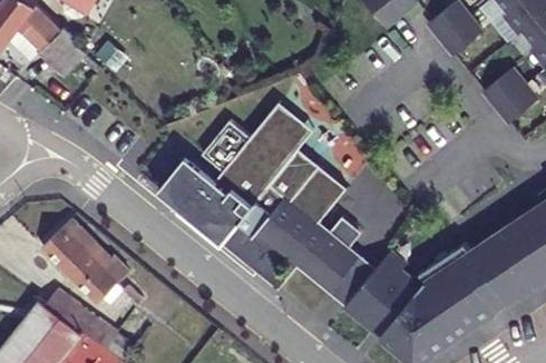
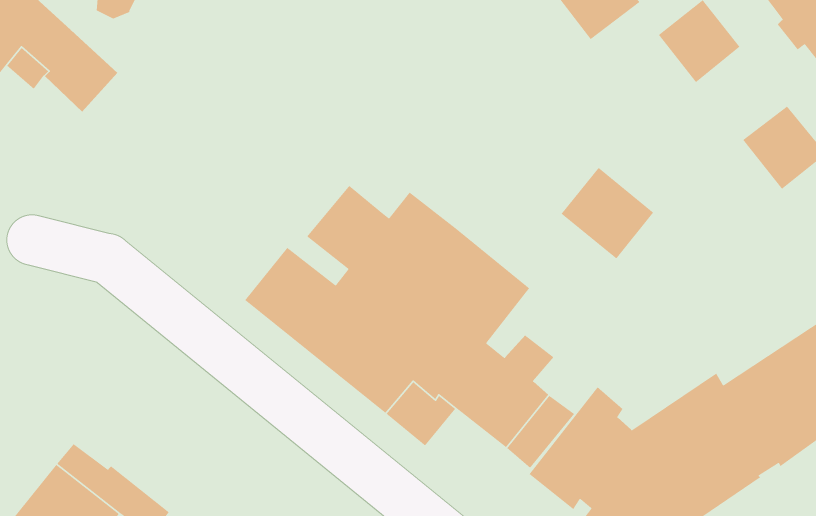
building: [250,102,313,149] -> none
building: none -> [561,167,654,260]
building: [40,222,130,308] -> none

